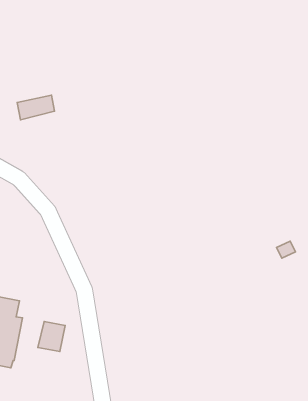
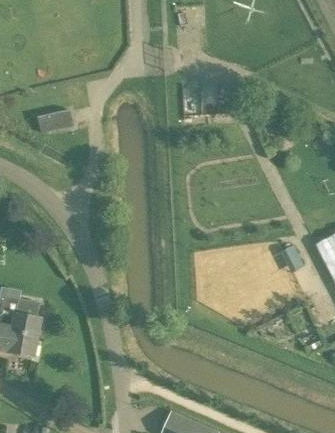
building: [38,322,65,352] -> none

